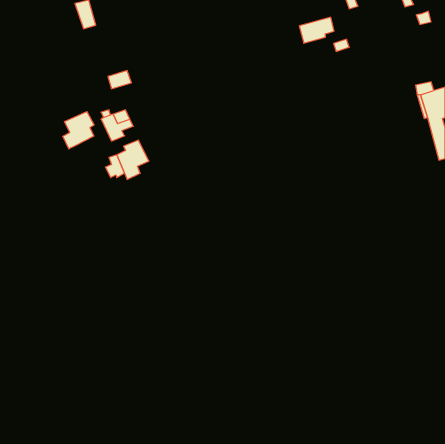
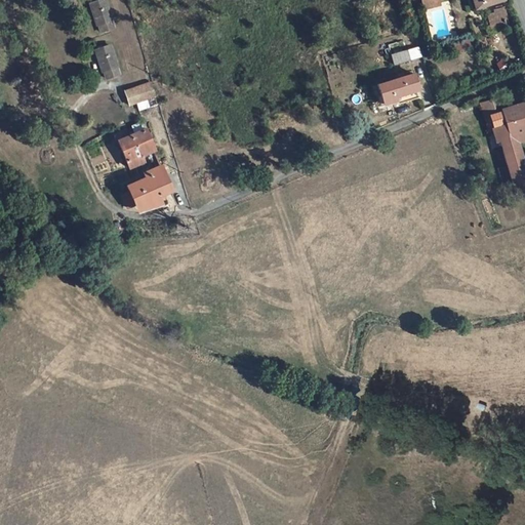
building: [299,17,334,43] -> [379,71,420,102]
building: none -> [96,44,120,78]
building: [63,112,94,149] -> none

